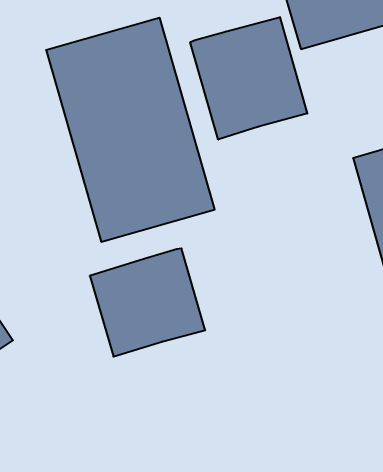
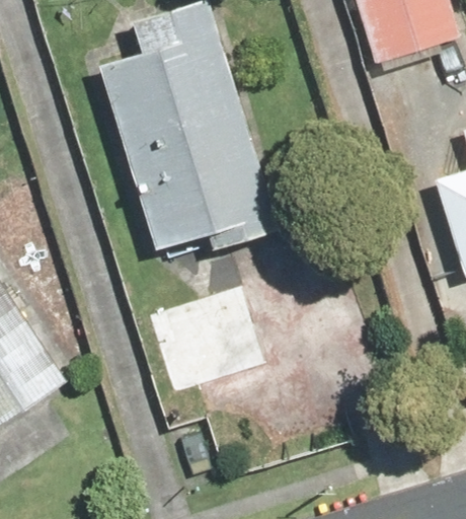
building: [190,17,307,140] -> none

